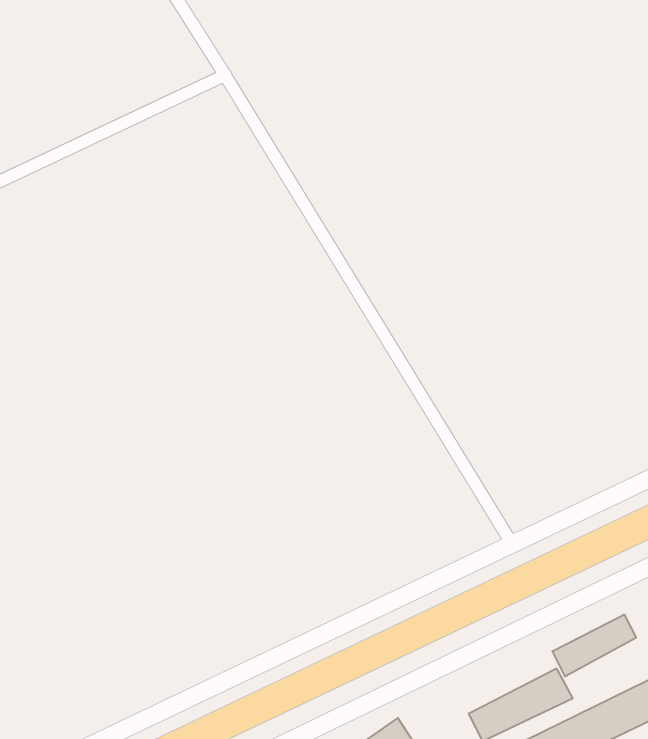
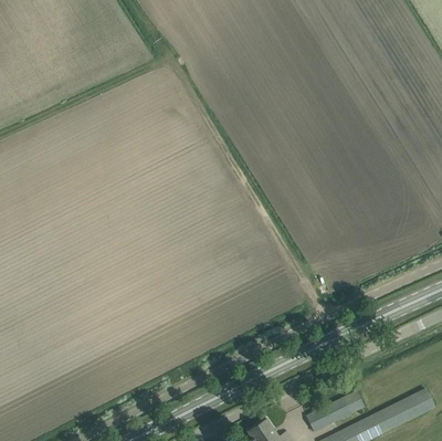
building: [552,614,636,677] -> none

